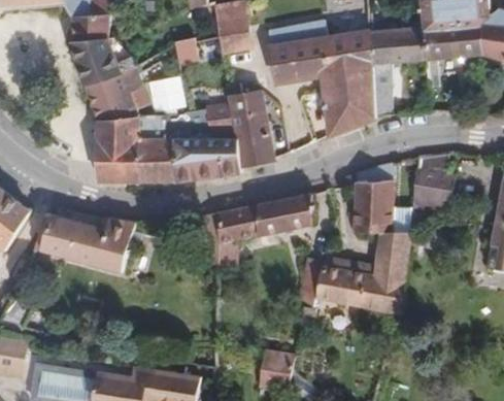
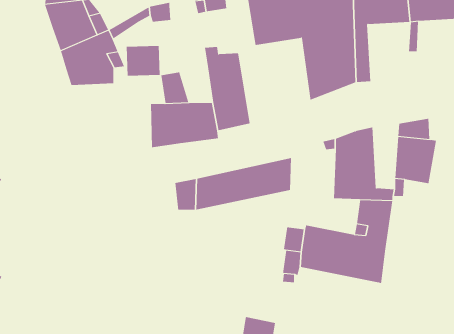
building: [203,103,235,138] -> none
building: [97,120,175,182] -> none
building: [33,218,136,272] -> none

